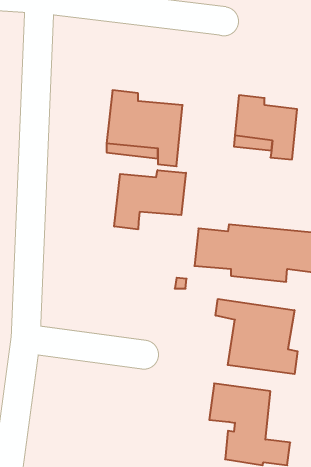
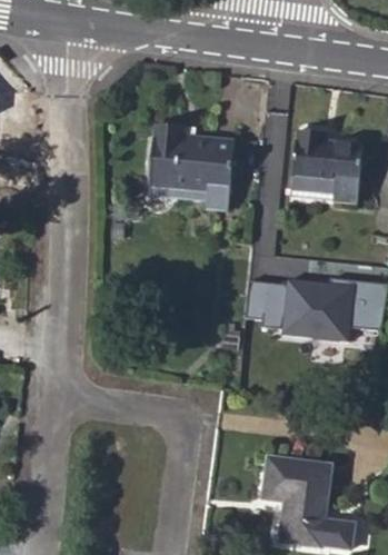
building: [114,170,186,229] -> none
building: [216,299,298,374] -> none

